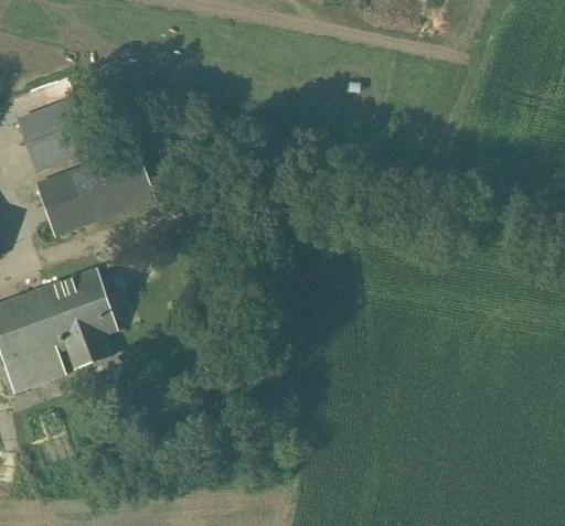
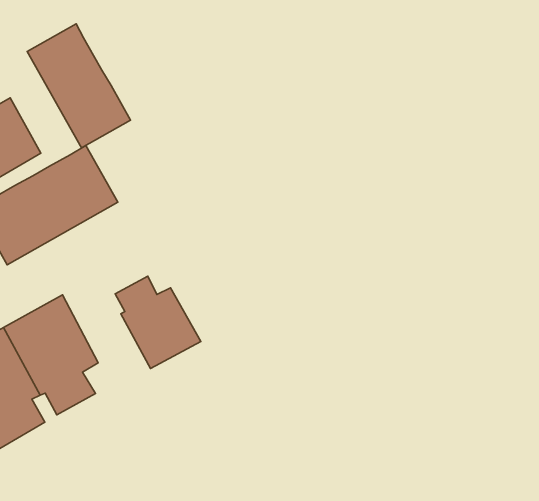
building: none -> [27,24,130,148]
building: none -> [115,276,201,368]

